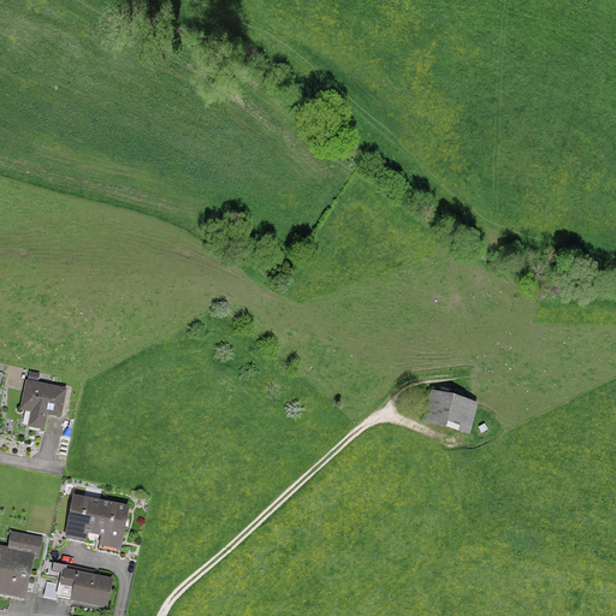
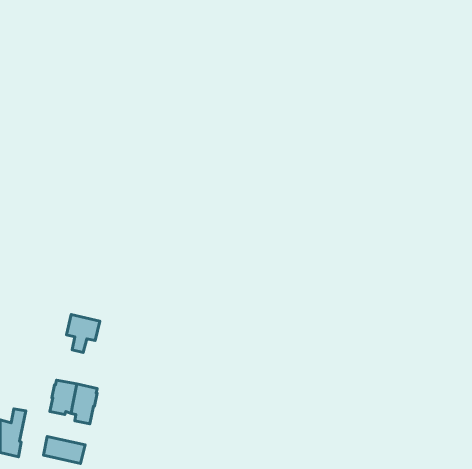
building: [22,379,65,428] -> [67,315,100,353]
building: [427,390,475,425] -> none

